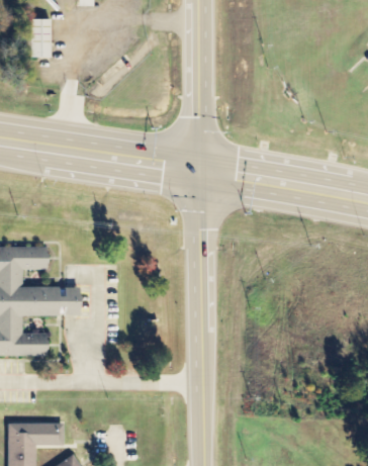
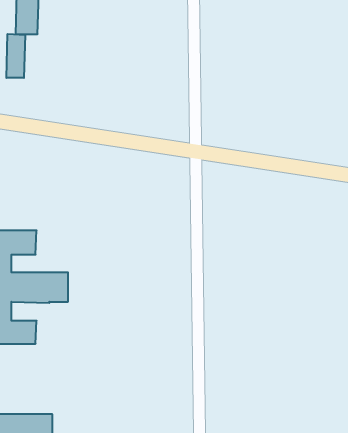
building: none -> [6,34,25,78]

